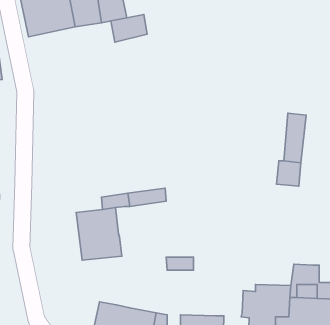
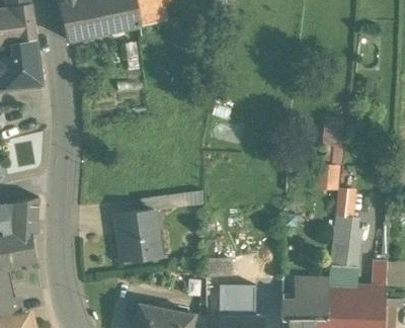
building: [111,14,147,42] -> none
building: none -> [331,189,357,267]
building: none -> [218,284,254,318]

